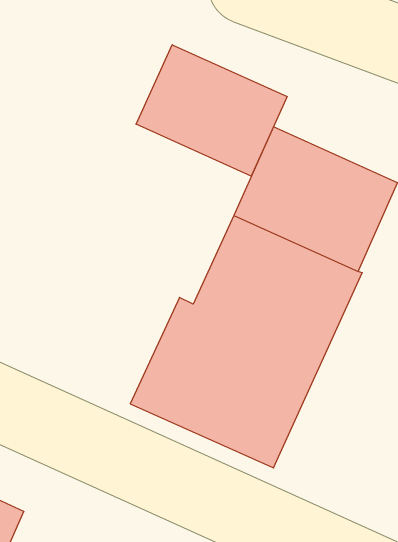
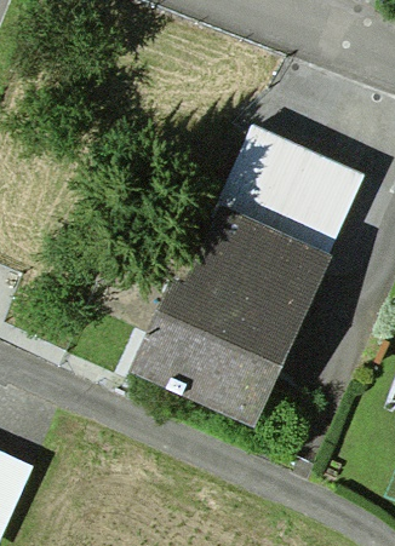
building: [136,45,287,176] -> none

